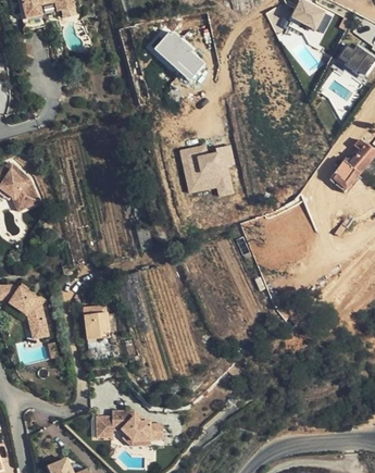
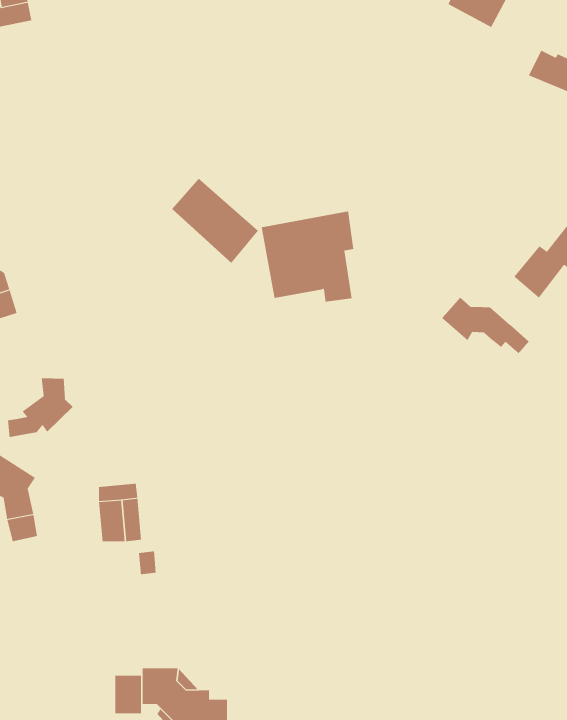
building: [154,30,207,82] -> [171,178,259,264]
building: none -> [441,297,530,354]
building: none -> [7,377,74,438]

